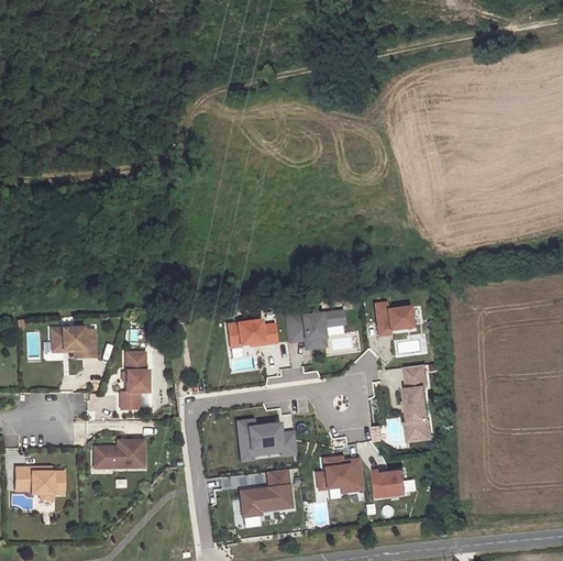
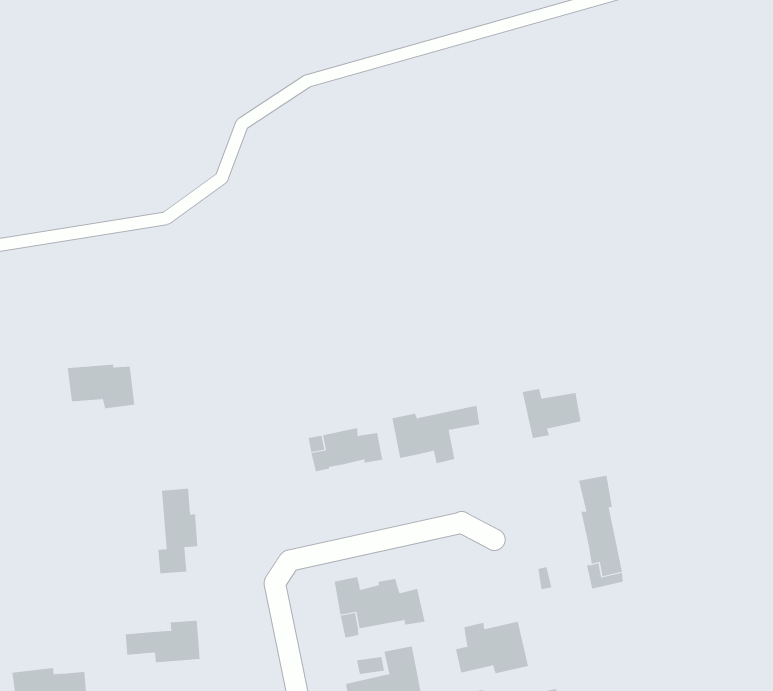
building: [51,328,95,358] -> [67,364,135,409]
building: [373,471,406,497] -> none

